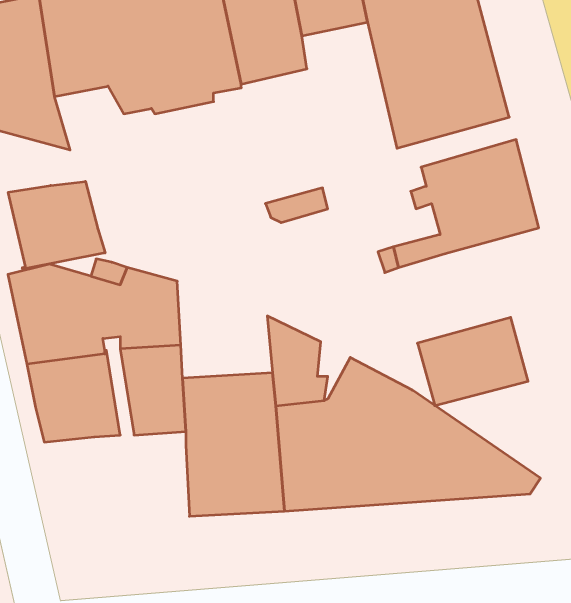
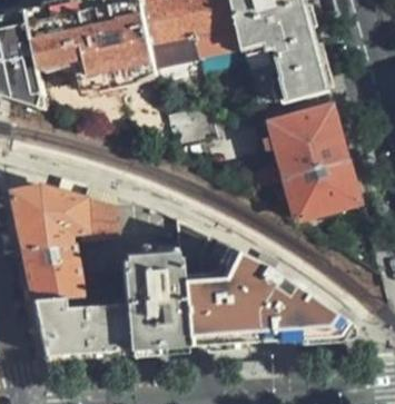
building: [8,181,105,269] -> none
building: [417,317,528,406] -> [288,161,359,218]
building: none -> [30,296,124,353]

